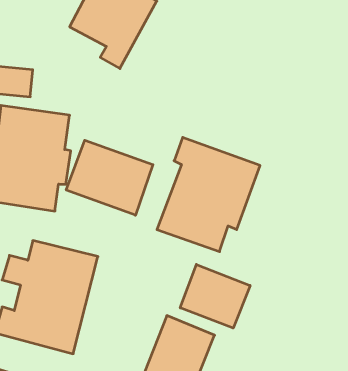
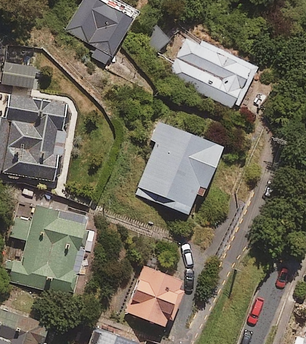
building: none -> [168,34,257,109]
building: [66,140,153,215] -> none
building: [180,264,250,328] -> none

